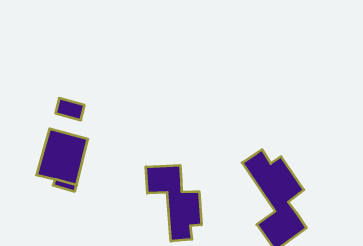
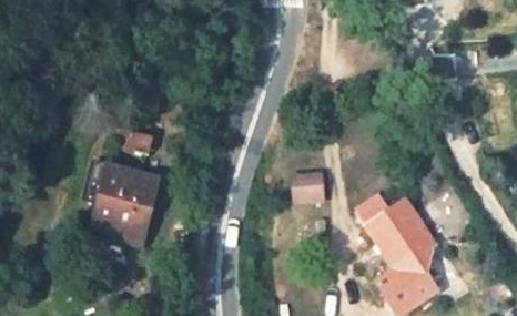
building: none -> [292,169,326,202]
building: [146,165,201,241] -> none

